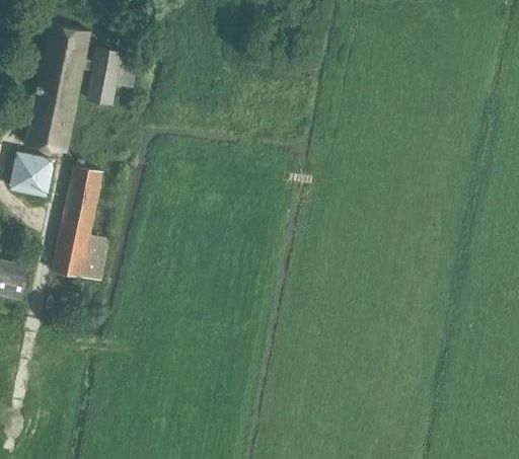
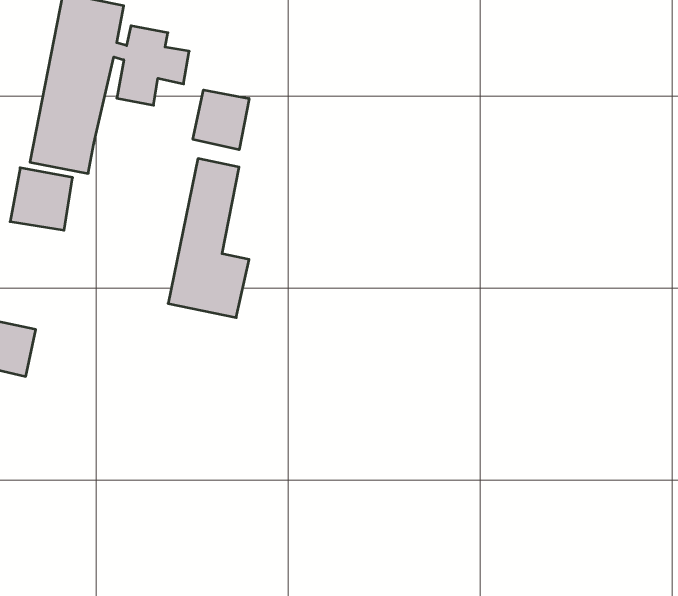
building: none -> [193,90,249,150]
building: [52,167,109,281] -> [168,159,249,318]

